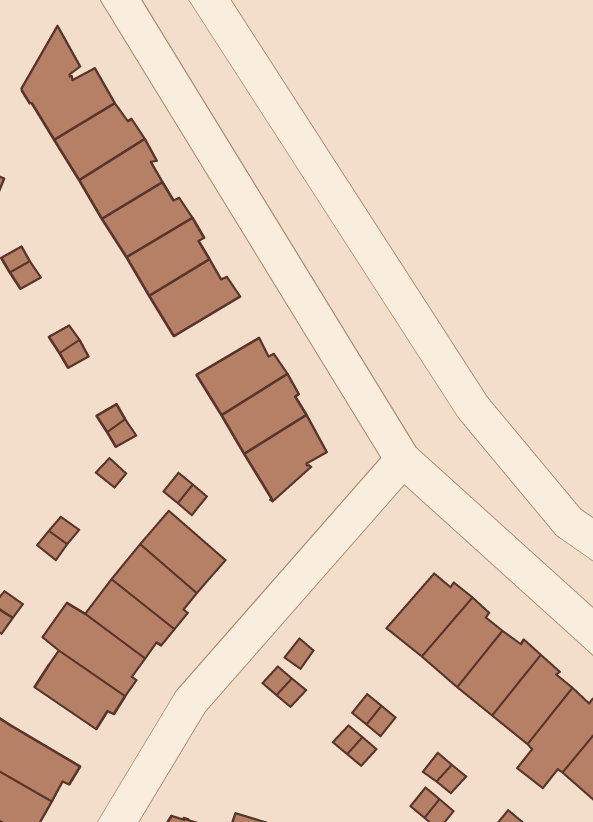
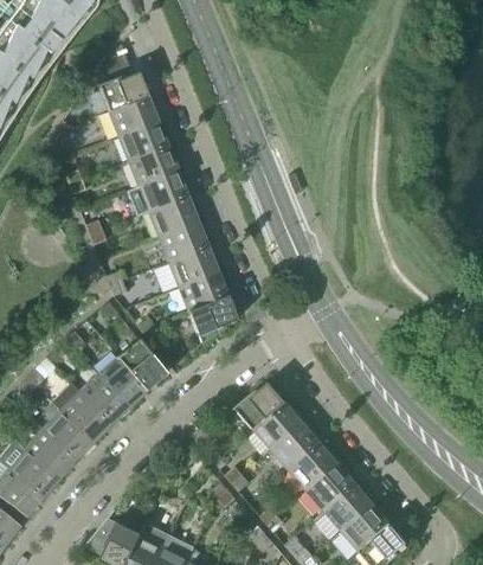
building: none -> [157,221,207,263]
building: none -> [234,384,286,430]
building: none -> [24,430,73,481]

